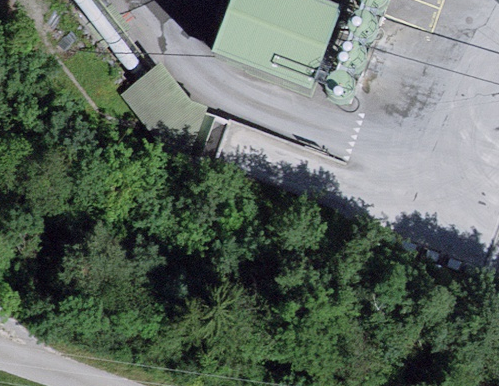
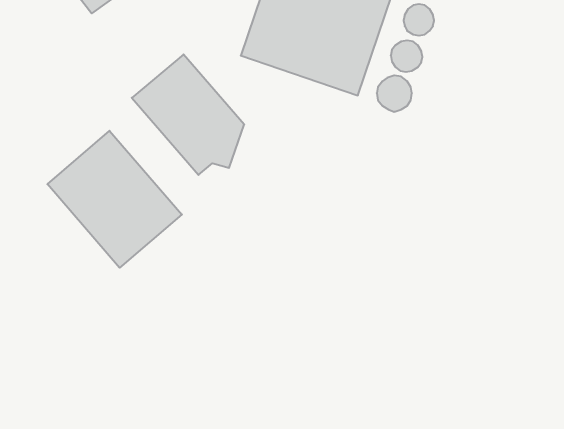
building: none -> [47,131,182,268]

